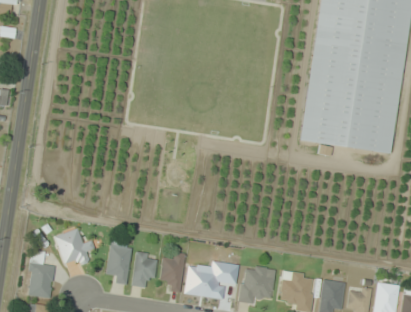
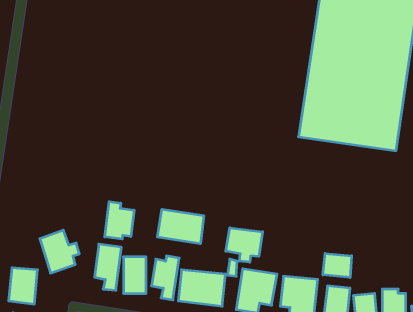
building: none -> [105,202,134,239]
building: none -> [157,209,204,244]
building: none -> [226,228,263,262]
building: none -> [323,253,352,278]

